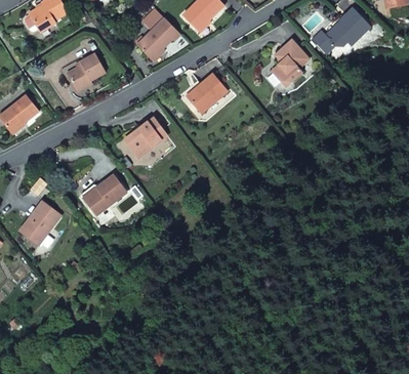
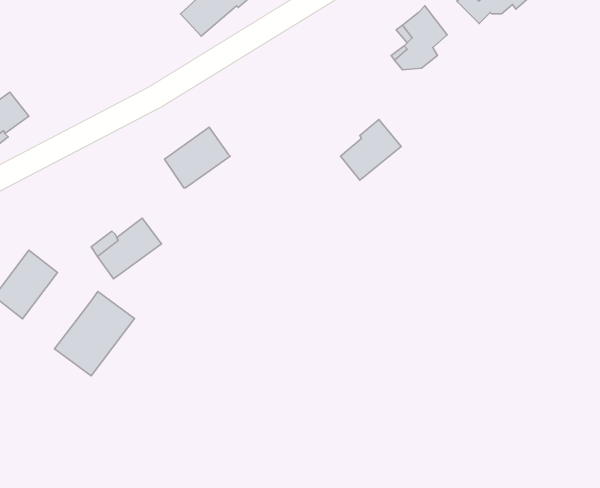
building: [65,51,105,90] -> none
building: [187,74,226,113] -> [341,119,401,180]
building: none -> [55,292,134,376]

